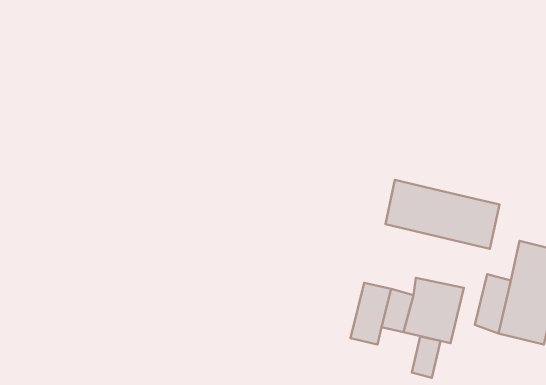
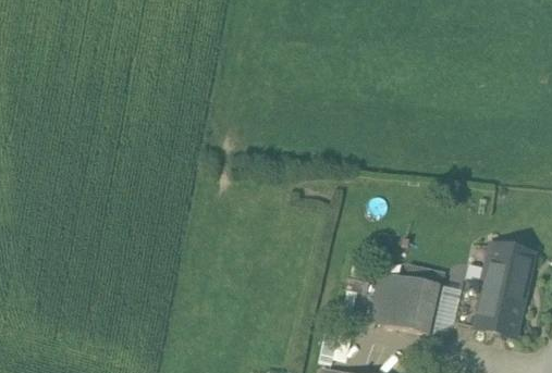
building: [385,180,499,249] -> none
building: [412,336,441,378] -> none

